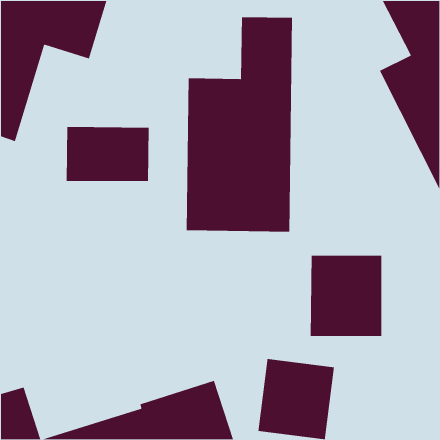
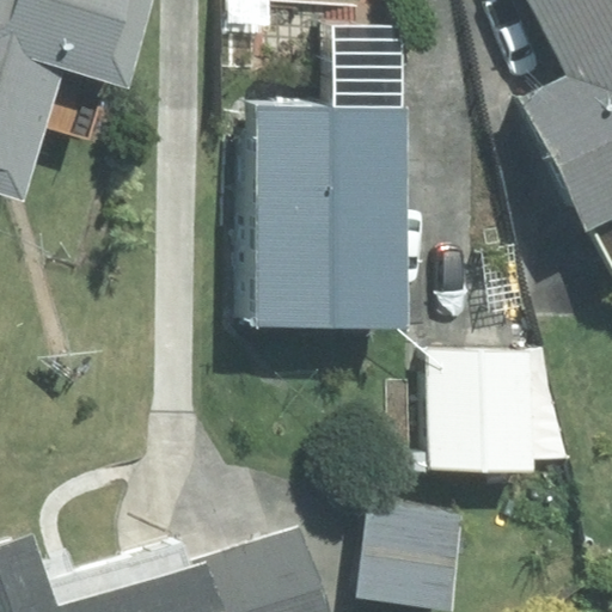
building: [66,126,149,182] -> none

